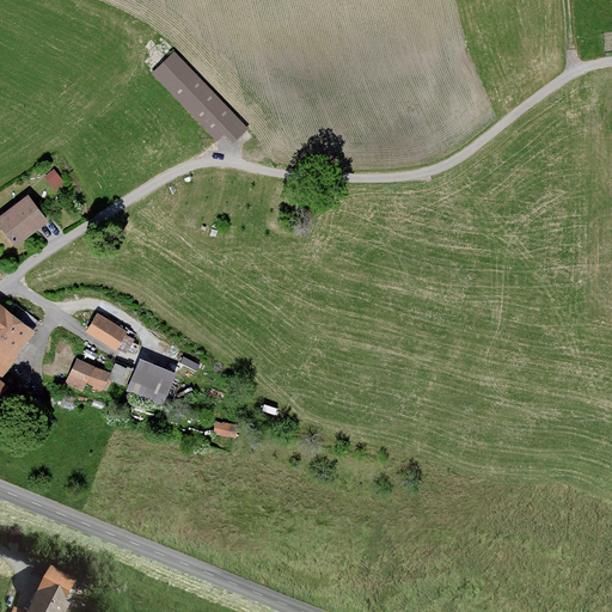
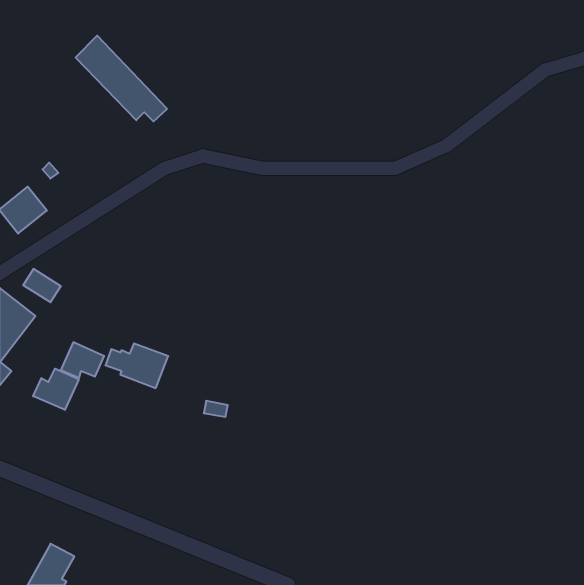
building: [152,54,247,143] -> [76,36,167,121]
building: [86,314,126,349] -> [23,269,61,302]
building: none -> [33,369,79,410]

